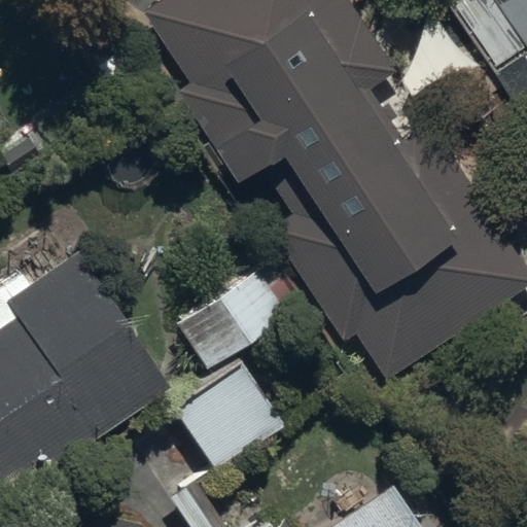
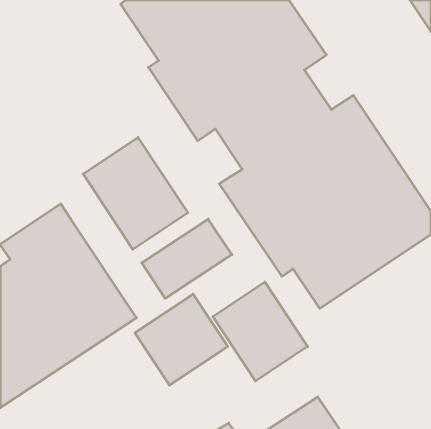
building: none -> [83,137,188,249]
building: none -> [213,282,308,381]

